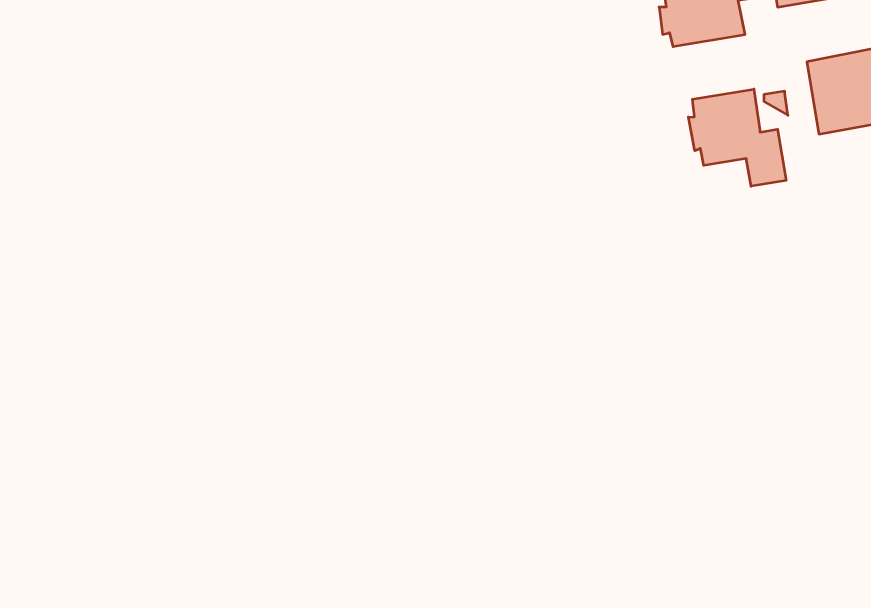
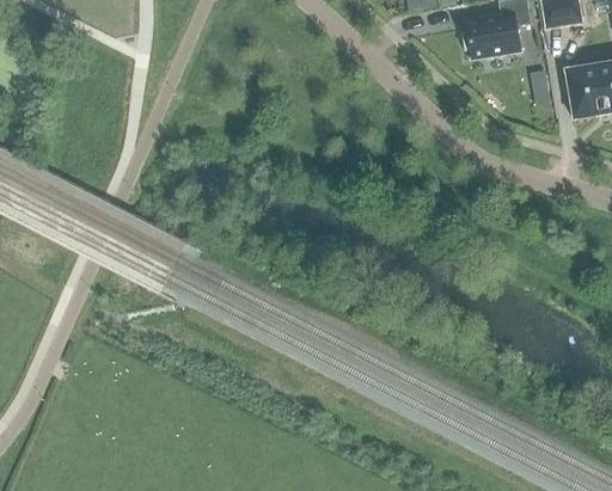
building: [688,89,786,186] -> none

